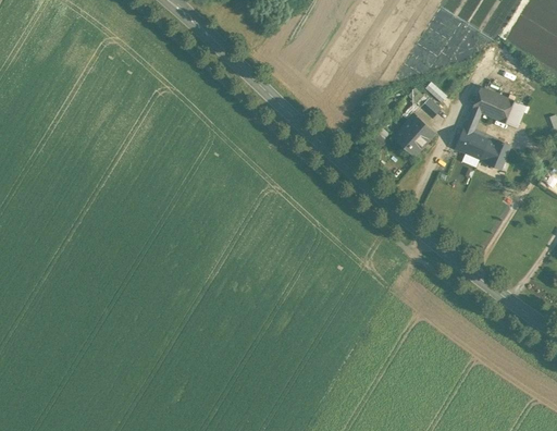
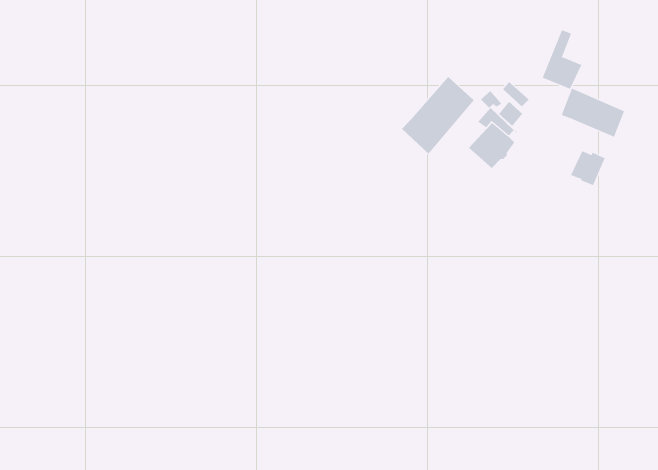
building: none -> [401,76,475,154]
building: [457,110,491,160] -> [542,29,582,90]

